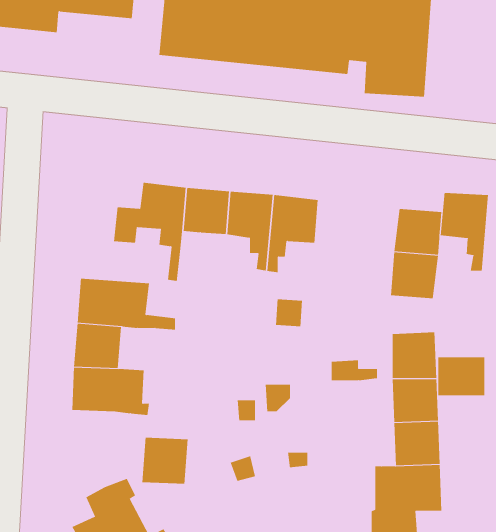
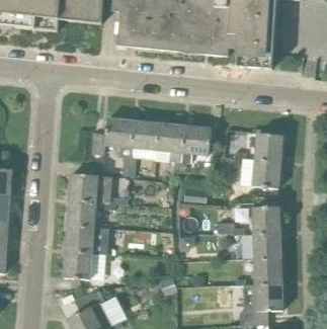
building: [440,192,488,272] -> none
building: [438,356,485,396] -> none
building: [141,437,188,484] -> [65,250,92,277]

